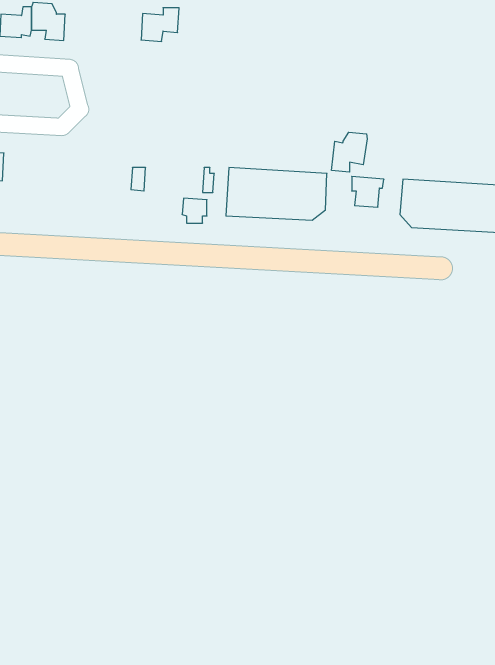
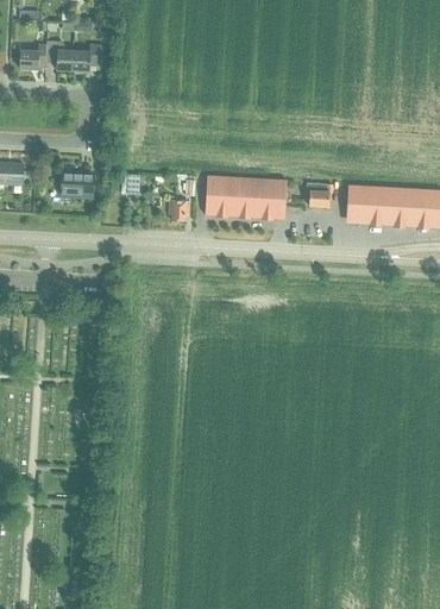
building: [141,8,179,41] -> [71,45,102,73]
building: [332,132,367,172] -> none
building: none -> [62,165,92,196]

